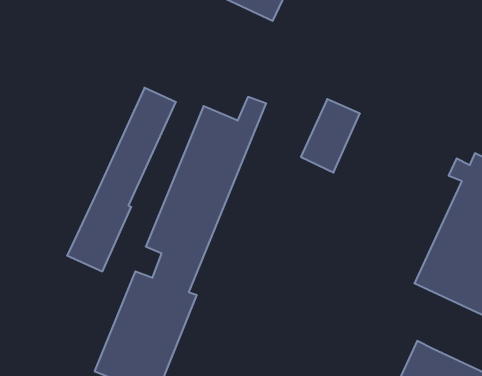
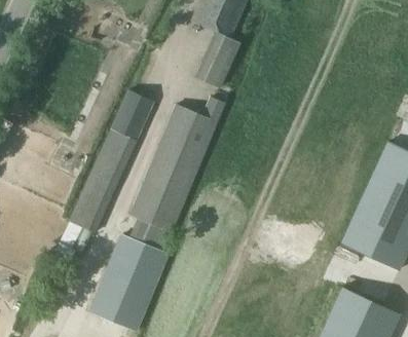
building: [301,99,360,173] -> [194,32,240,89]

